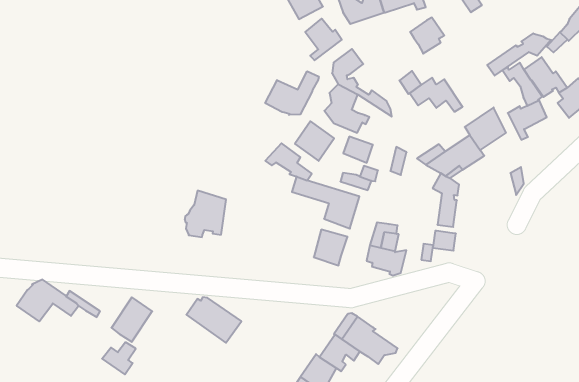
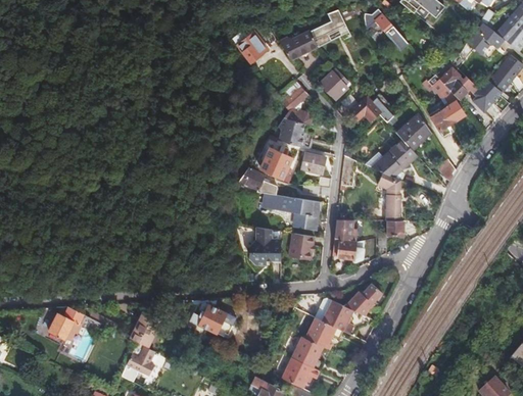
building: [410,18,444,54] -> [320,68,348,99]
building: [305,19,342,60] -> none
building: [487,33,551,76] -> none
building: [265,71,319,115] -> none
building: [185,191,226,237] -> [248,227,280,264]
building: none -> [345,285,380,315]

